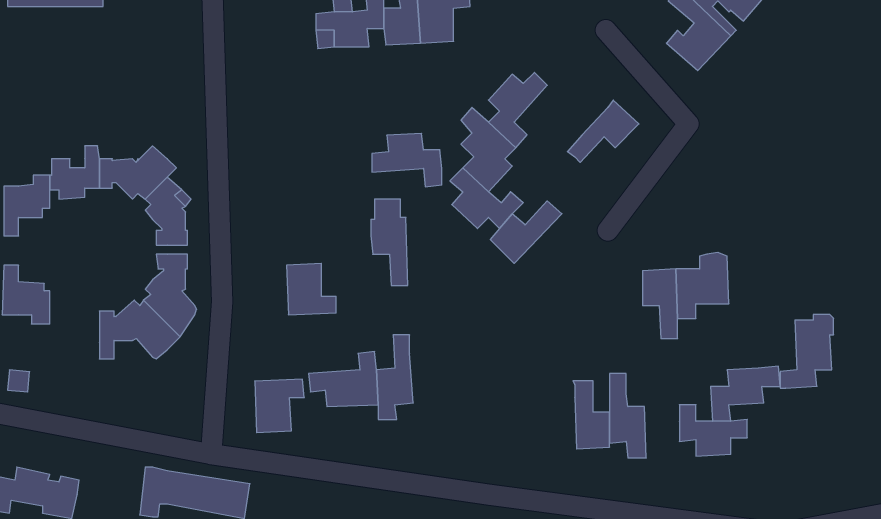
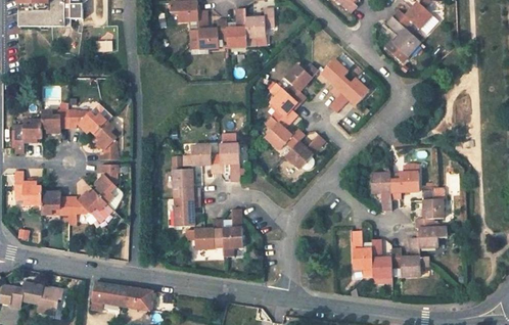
building: none -> [320,58,351,97]
building: [372,133,442,187] -> [181,144,220,174]
building: none -> [40,189,67,213]
building: [780,315,834,388] -> [414,187,444,228]
building: [255,379,304,433] -> [173,196,200,226]
building: [573,381,610,449] -> [370,239,390,277]

